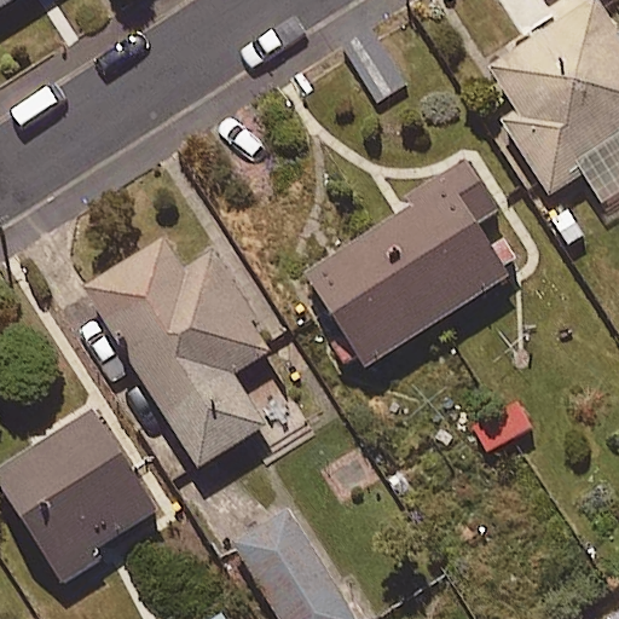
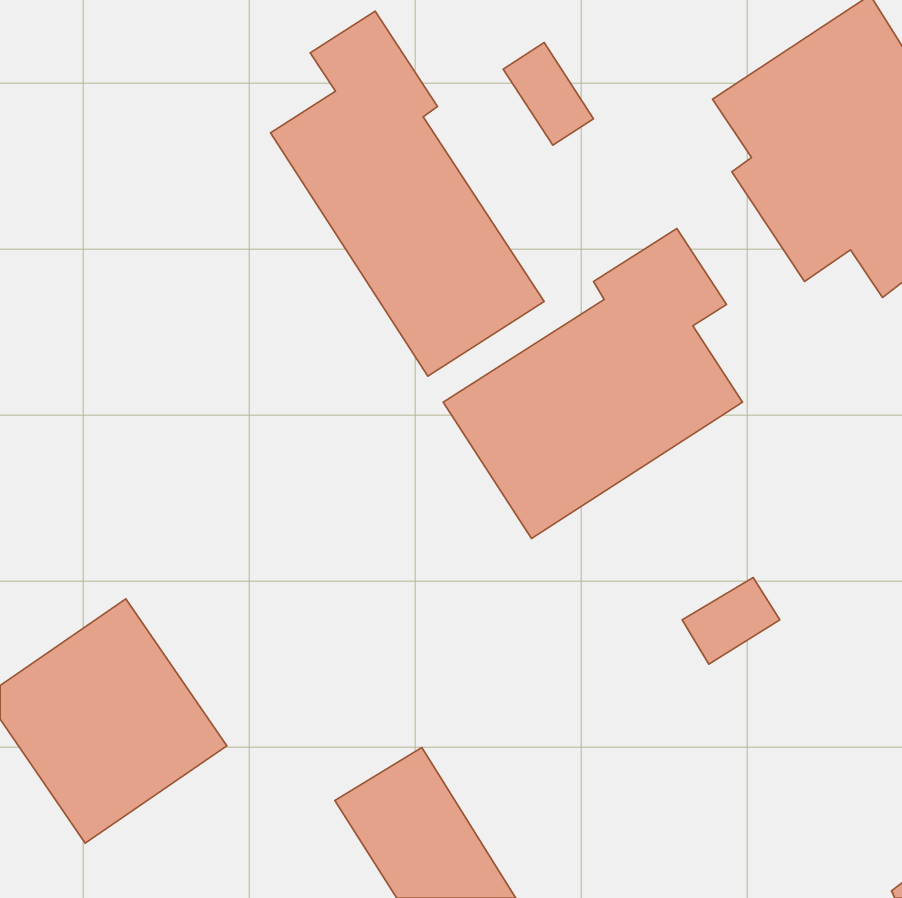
building: none -> [270,11,544,376]
building: [80,237,277,468] -> none

